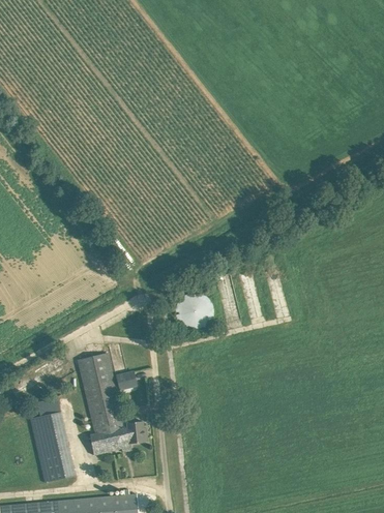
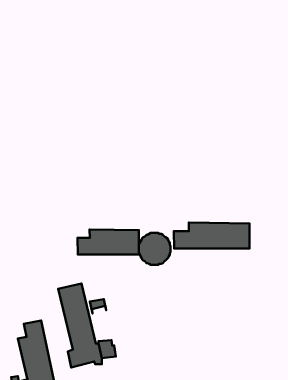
building: none -> [174,222,250,249]
building: none -> [78,229,139,254]

